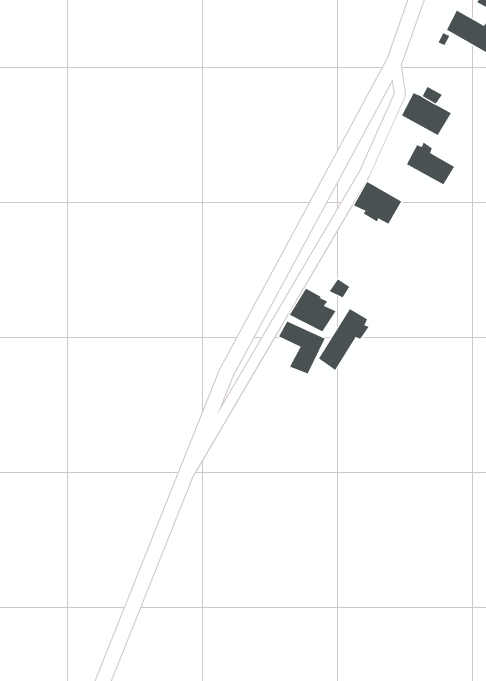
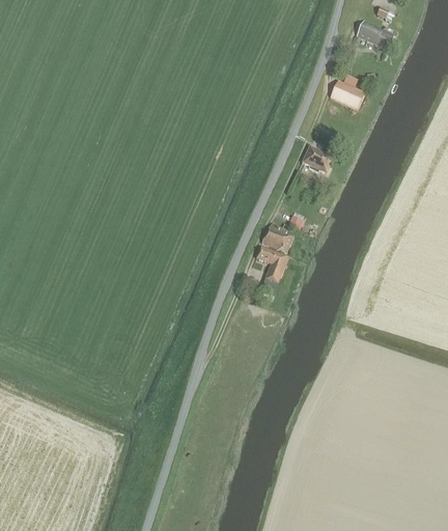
building: [406,141,455,185] -> none
building: [318,308,370,371] -> none

